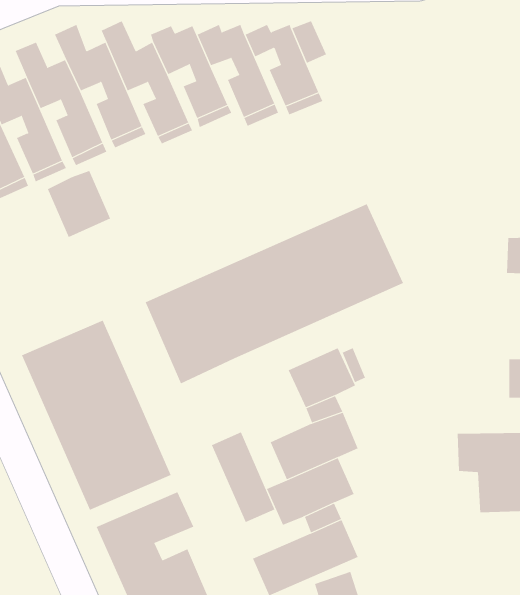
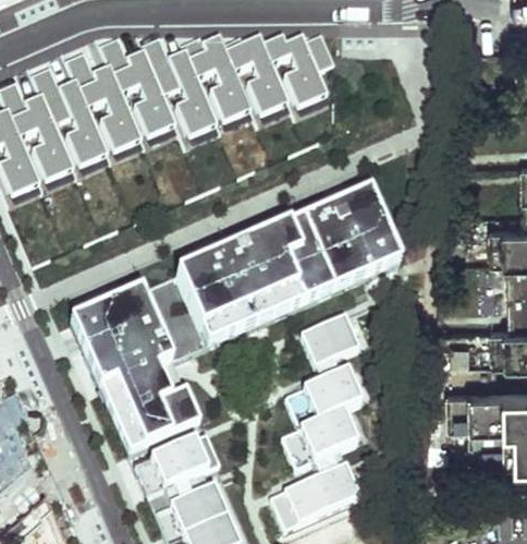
building: [47,170,111,238] -> none
building: none -> [142,274,208,359]
building: [211,432,275,523] -> none

